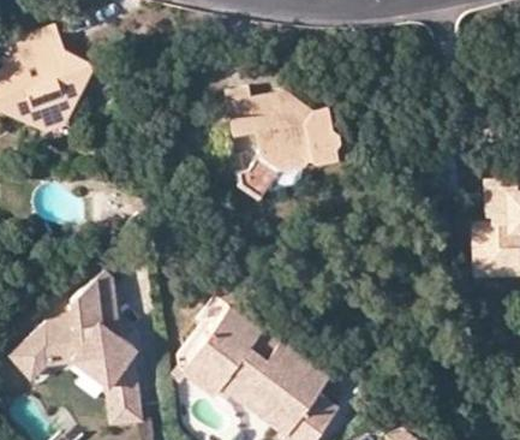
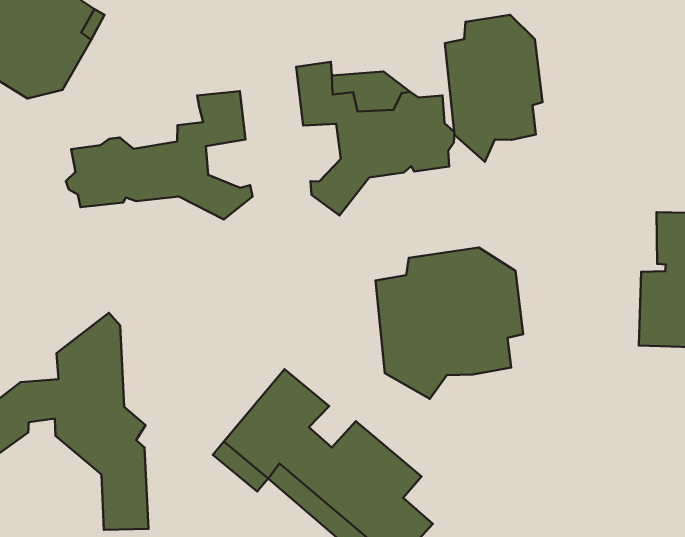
building: none -> [445,15,542,162]
building: none -> [66,91,252,220]
building: none -> [376,248,523,399]

